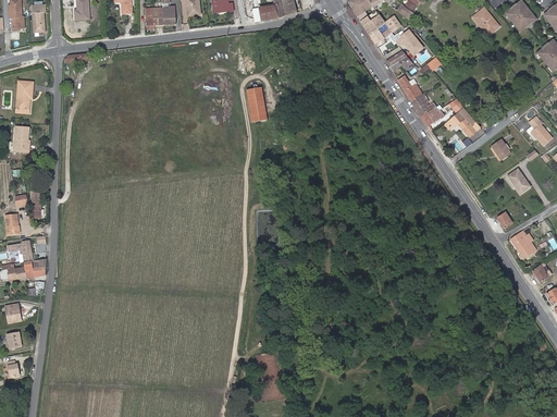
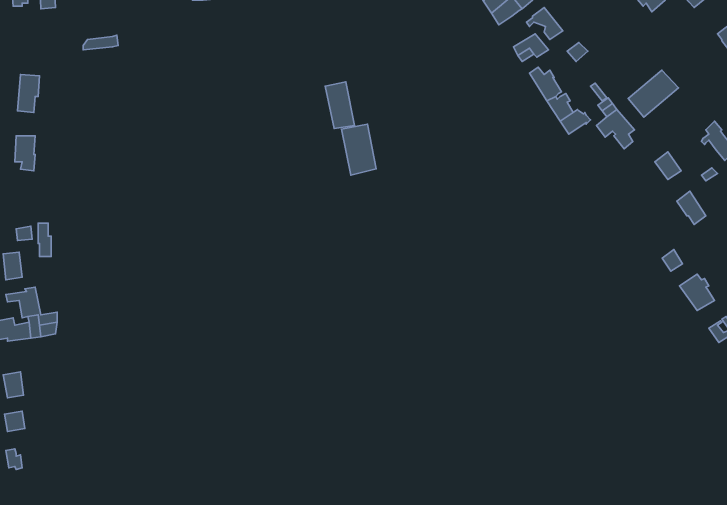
building: none -> [628,70,678,117]
building: none -> [342,124,376,175]

